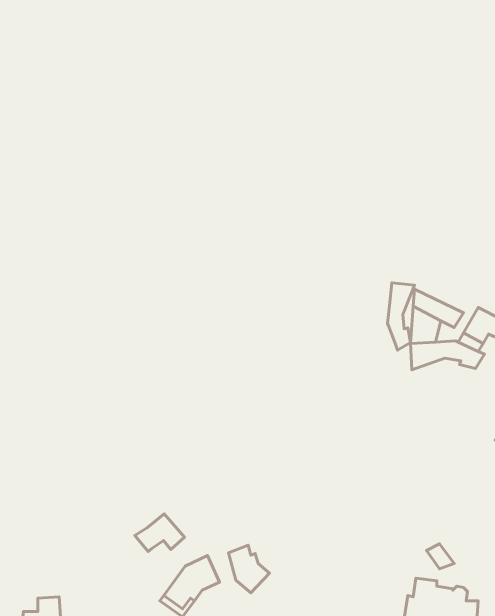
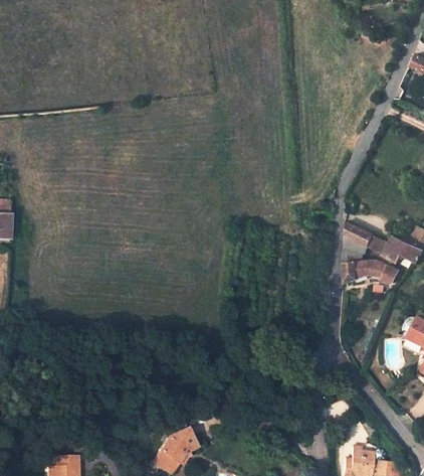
building: [387,283,415,350] -> none
building: [135,514,185,552] -> none
building: [228,545,269,593] -> none

